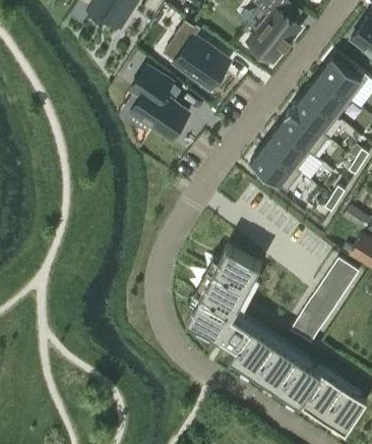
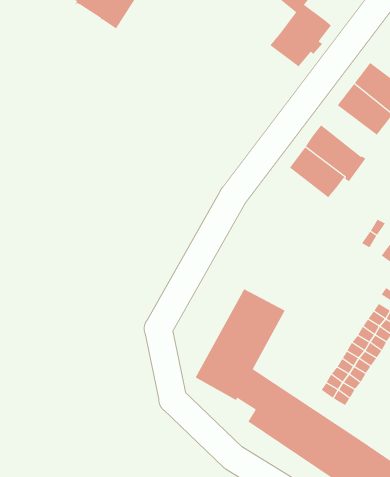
building: [174,19,229,89] -> none
building: [131,66,188,138] -> none
building: [291,93,337,135] -> none
building: [250,145,302,191] -> none

